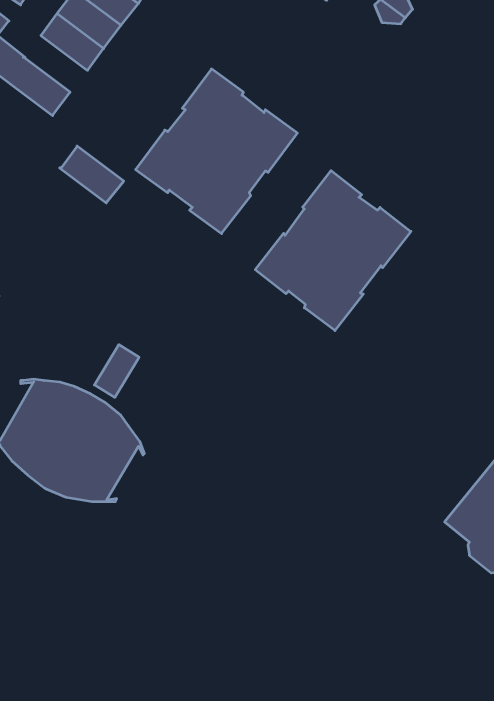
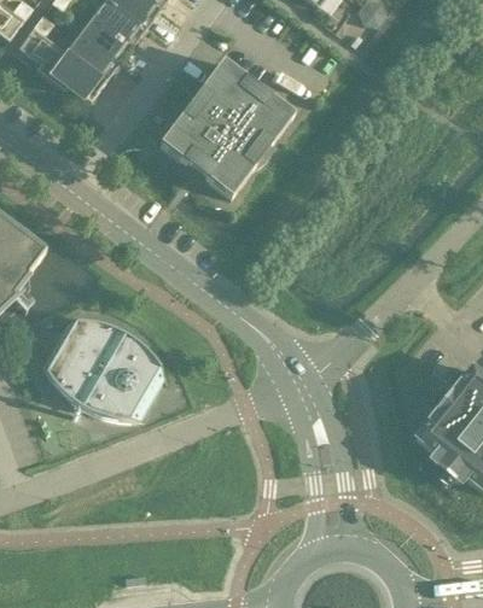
building: [60,146,124,203] -> [65,31,118,78]
building: [255,171,411,331] -> none
building: [94,345,139,397] -> none

